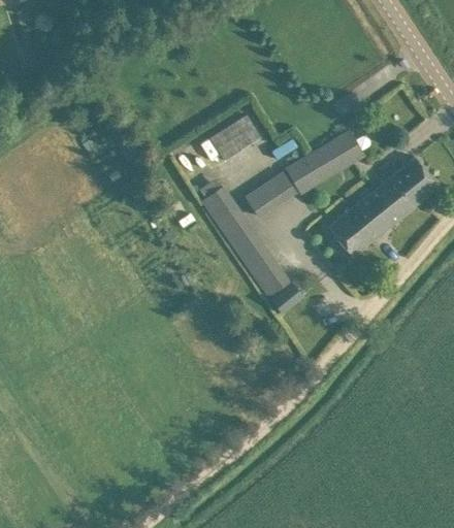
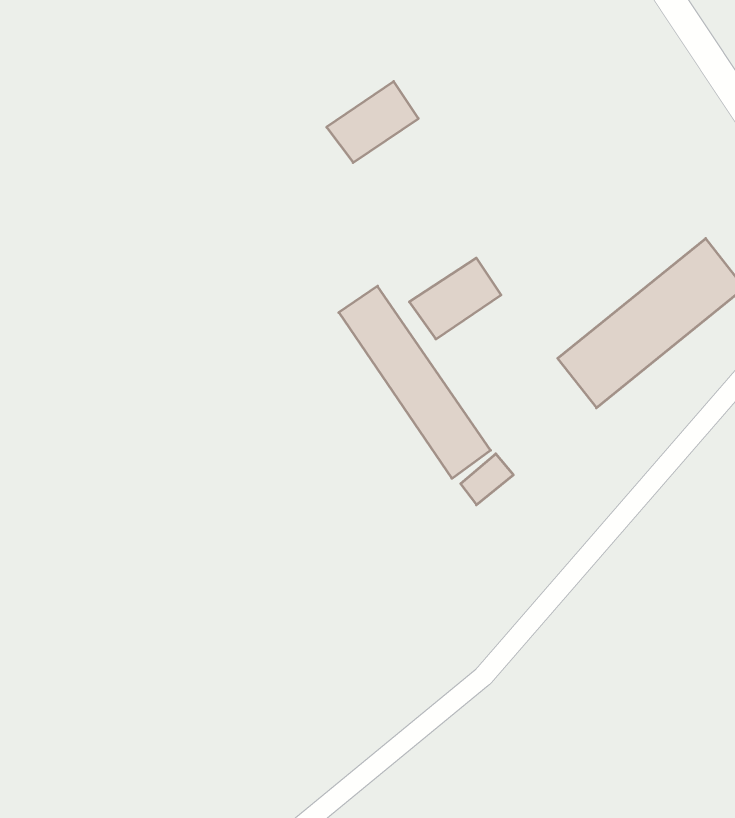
building: [208,112,262,160] -> [327,81,418,163]
building: [286,133,363,194] -> none

